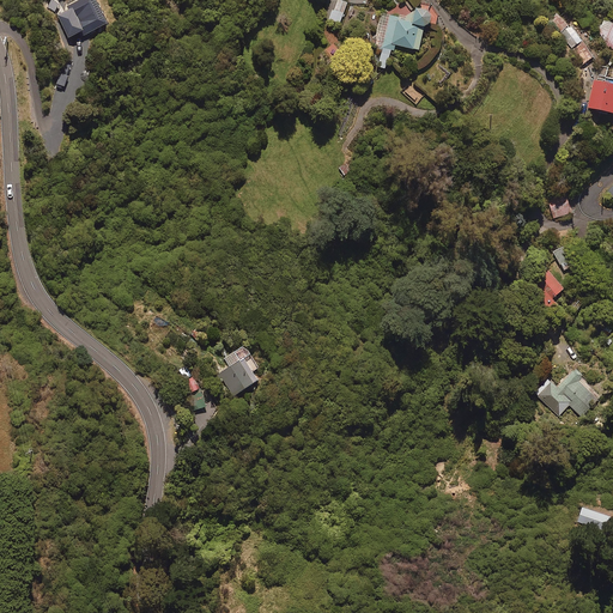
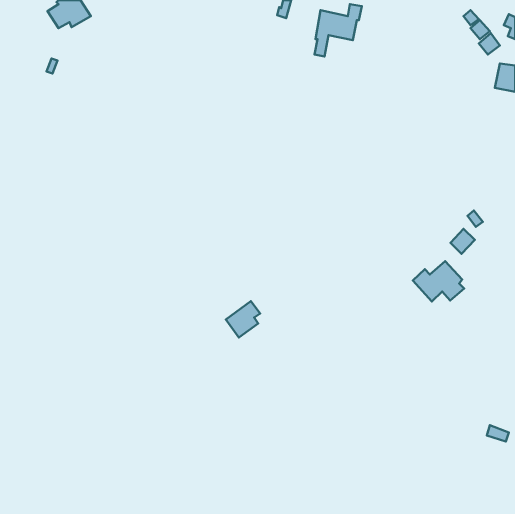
building: [218,352,259,395] -> [226,301,260,338]
building: [535,370,596,418] -> [413,261,464,302]

